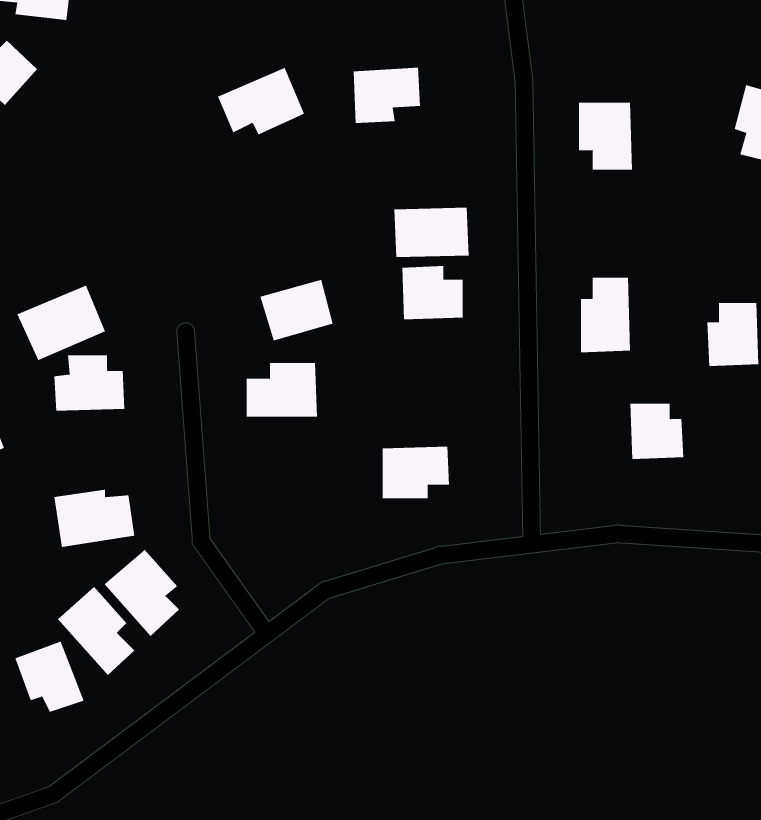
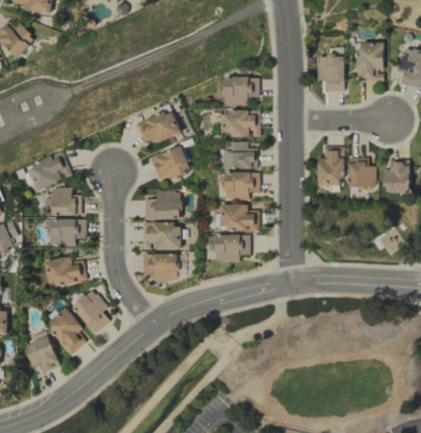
building: [353,67,421,124] -> [223,77,258,106]
building: [217,67,305,135] -> [135,109,181,144]
building: none -> [356,42,383,82]
building: none -> [223,173,258,200]
building: none -> [219,205,258,231]
building: [630,403,684,459] -> [347,158,376,188]
building: none -> [47,219,85,247]
building: none -> [141,223,181,250]
building: none -> [142,254,177,282]

